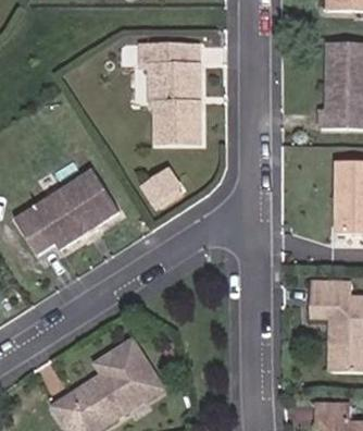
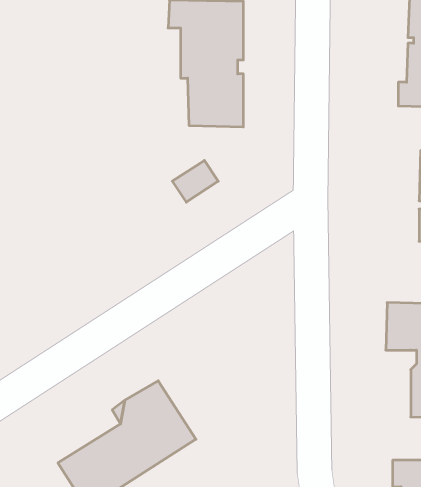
building: [14,169,118,254] -> none

